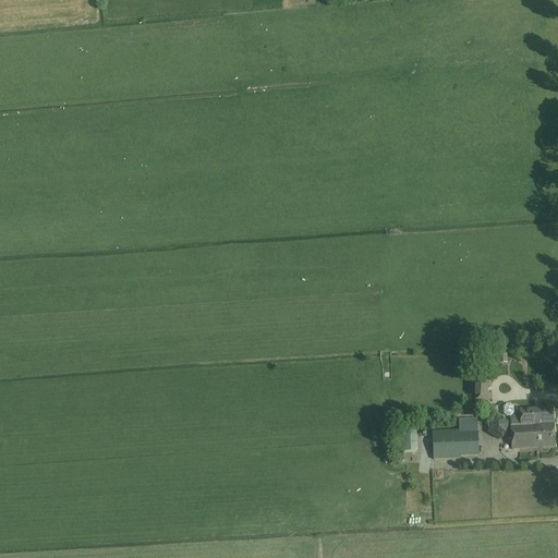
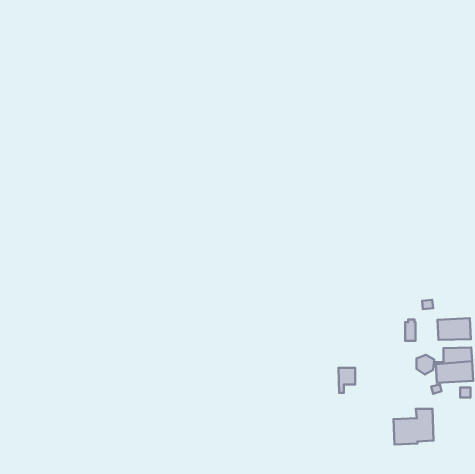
building: none -> [437,318,471,340]
building: [432,417,478,459] -> [393,409,433,444]

